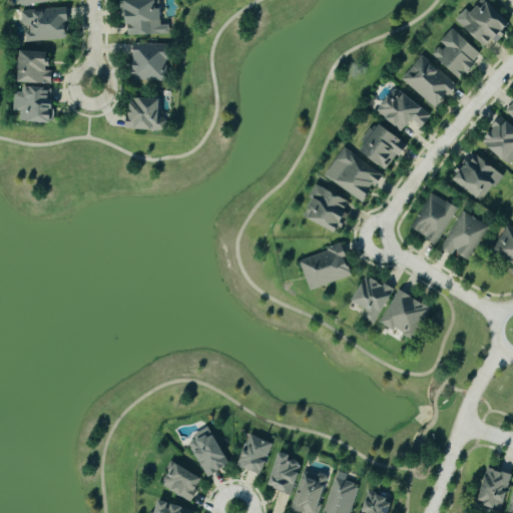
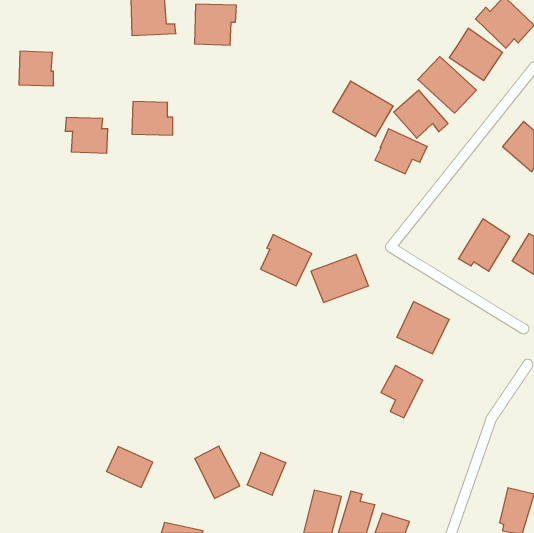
building: [20,6,68,41] -> none
building: [131,42,171,81] -> [195,4,236,45]
building: [13,87,54,121] -> [65,117,108,153]
building: [324,147,382,200] -> [333,81,393,137]
building: [452,151,502,200] -> none
building: [303,183,352,232] -> [261,235,312,286]
building: [411,192,455,242] -> none
building: [353,275,393,325] -> [381,365,423,418]
building: [270,451,300,493] -> none
building: [158,461,202,500] -> [107,447,153,487]

